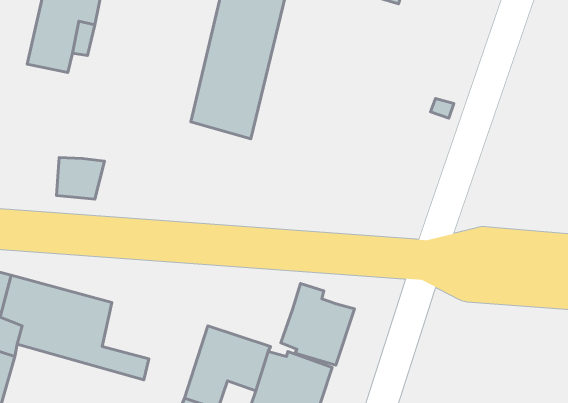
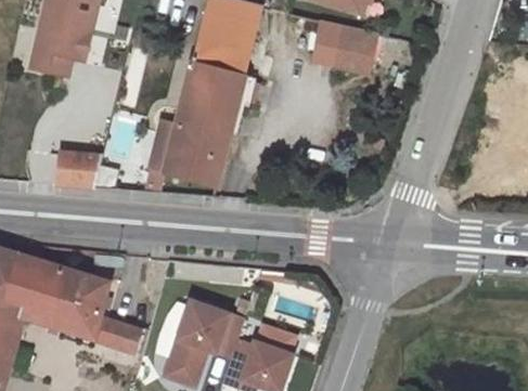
building: none -> [311,21,376,74]
building: none -> [163,120,230,188]
building: [281,283,354,365] -> none

